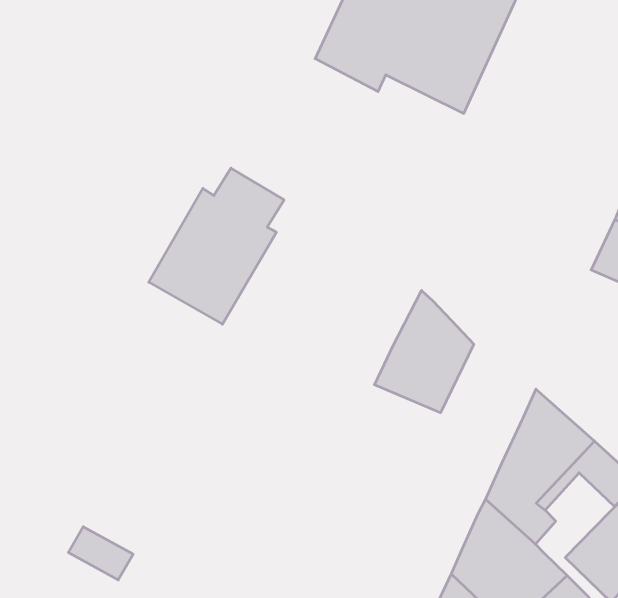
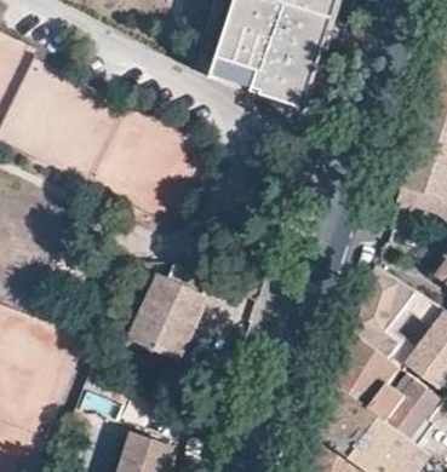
building: [149,168,284,324] -> [131,267,208,364]
building: [374,290,474,413] -> none

